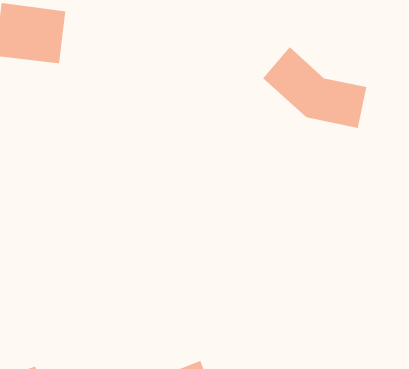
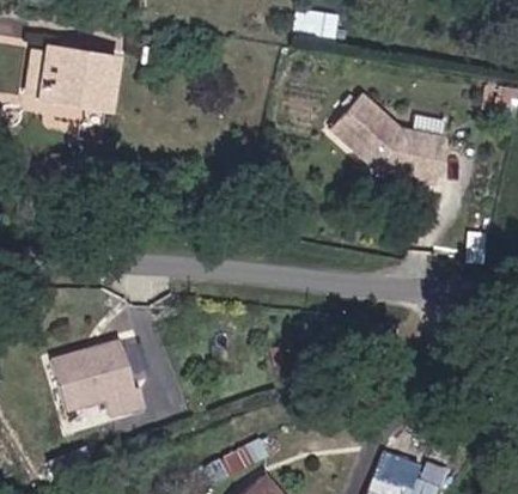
building: none -> [53,340,145,413]

